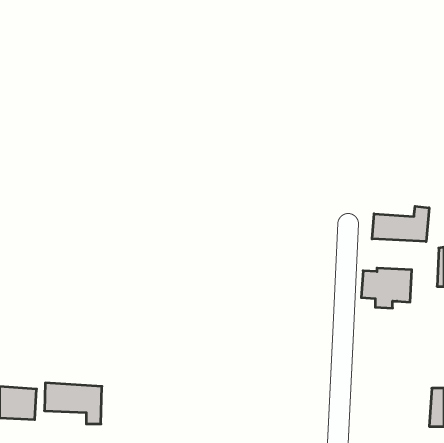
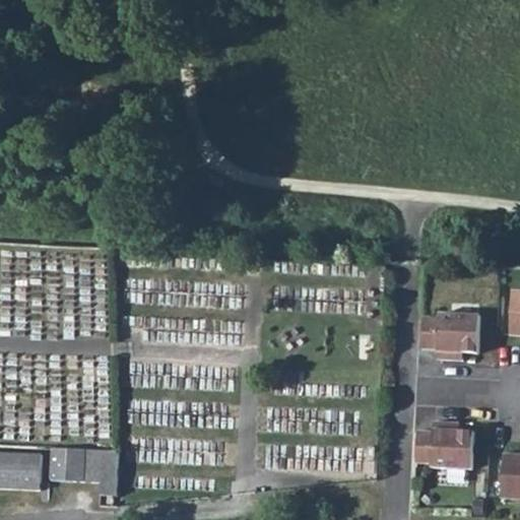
building: [372,206,429,242] -> none
building: none -> [415,421,474,468]

